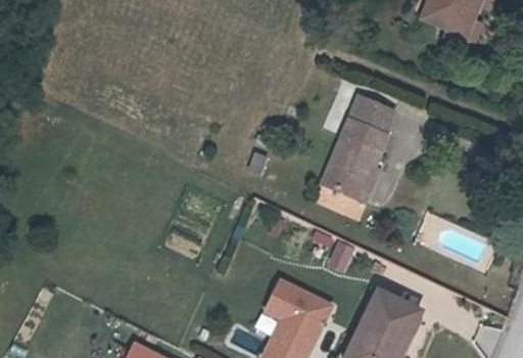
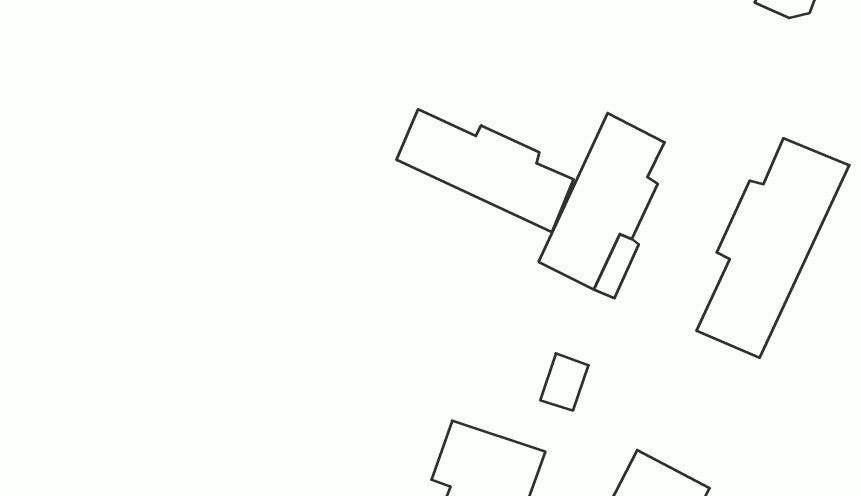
building: none -> [397,109,573,232]
building: none -> [697,138,849,358]

